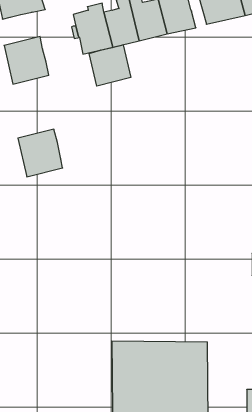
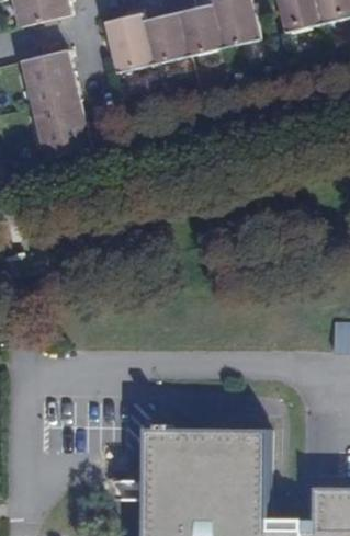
building: [89,45,131,86] -> none
building: [18,129,63,177] -> [30,99,86,158]

